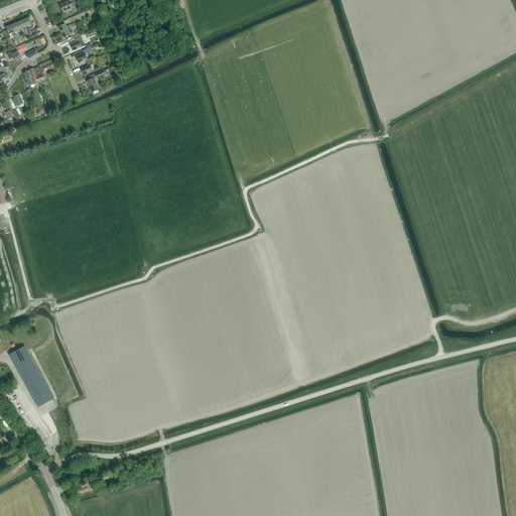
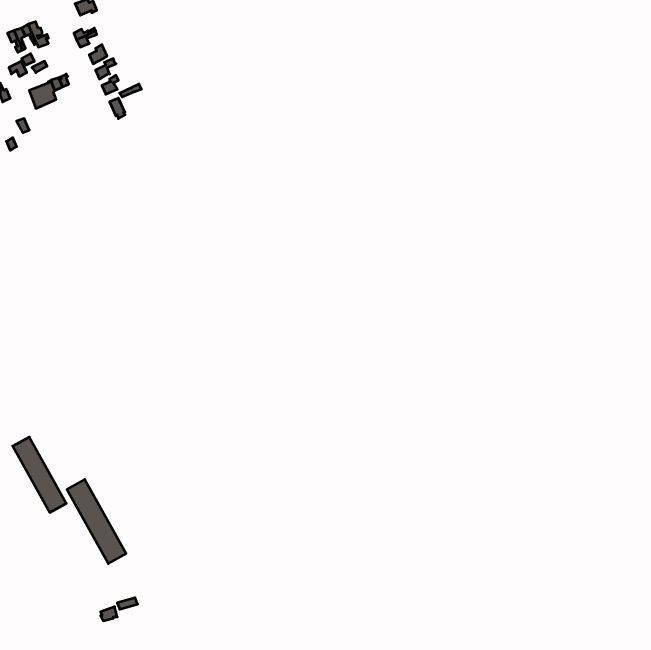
building: none -> [67,479,126,564]

